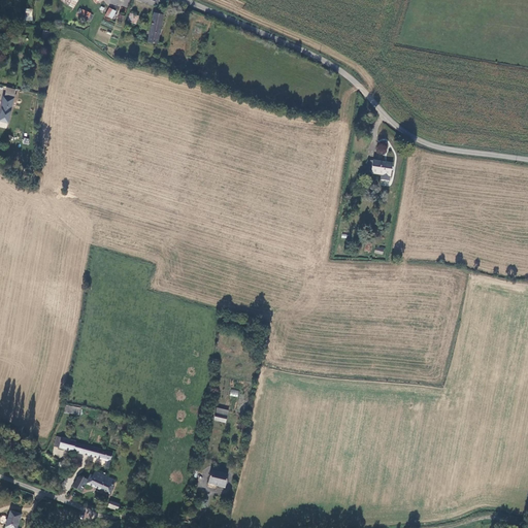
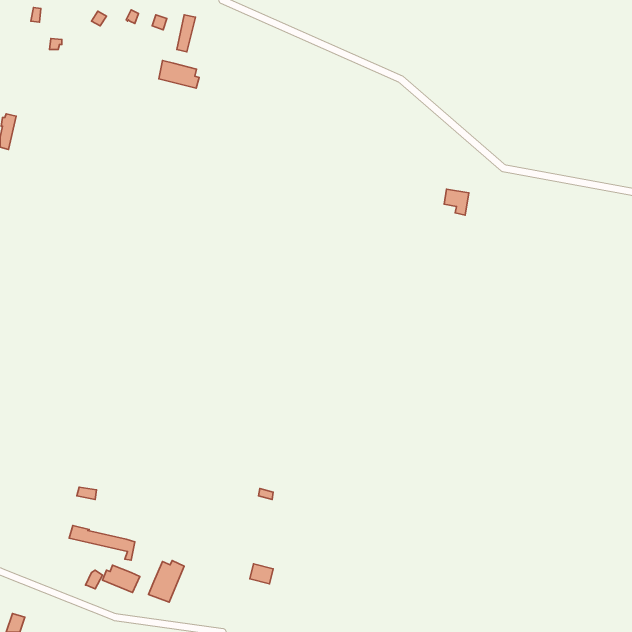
building: none -> [159,61,199,88]
building: none -> [149,561,184,602]

